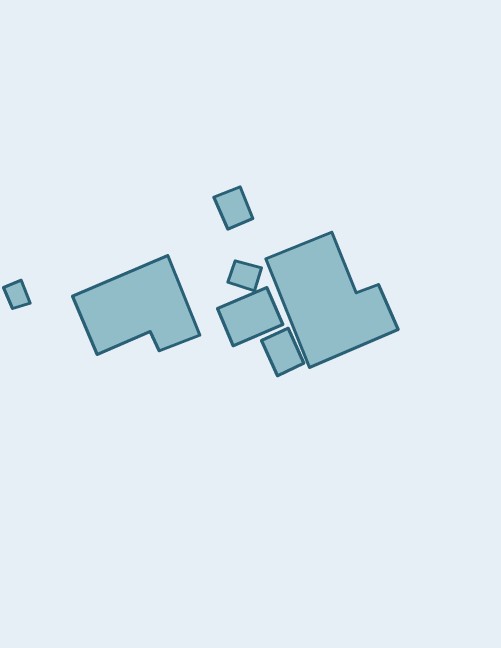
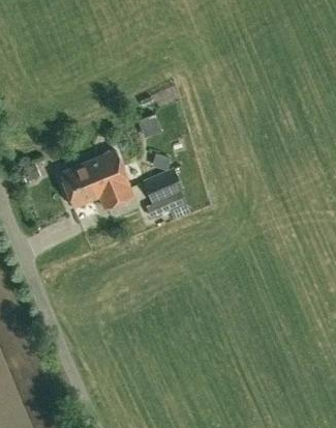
building: [266,232,398,368] -> none

